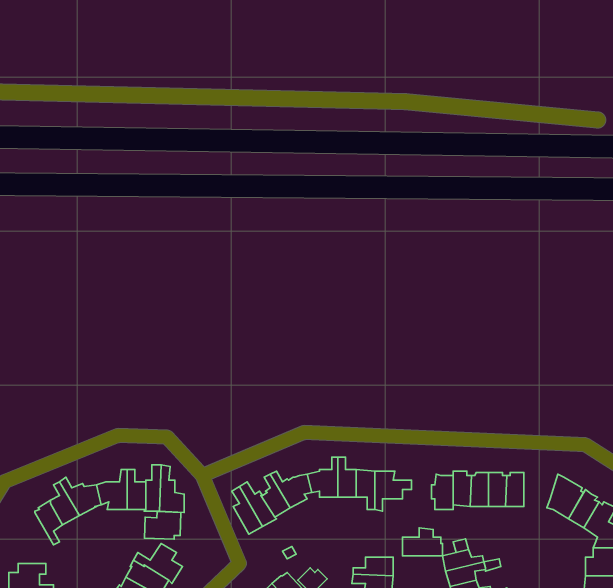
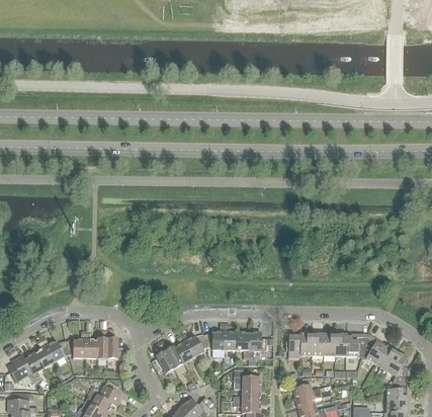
building: none -> [346,334,368,357]
building: none -> [9,355,36,384]
building: [144,512,181,539] -> none
building: [402,528,442,556] -> [234,371,260,390]

